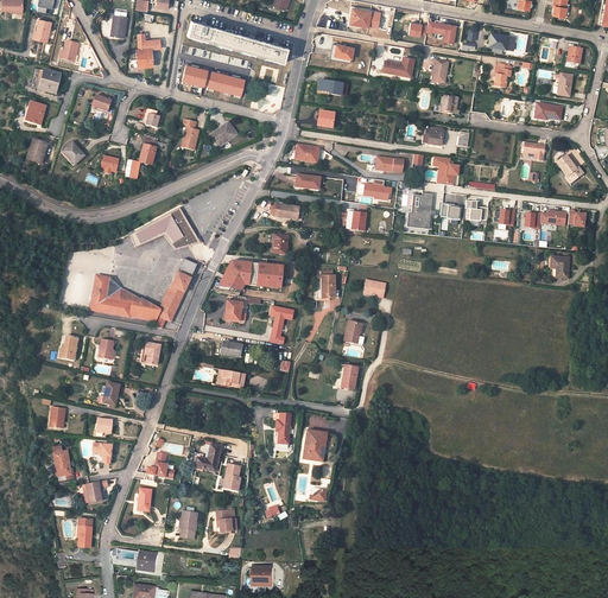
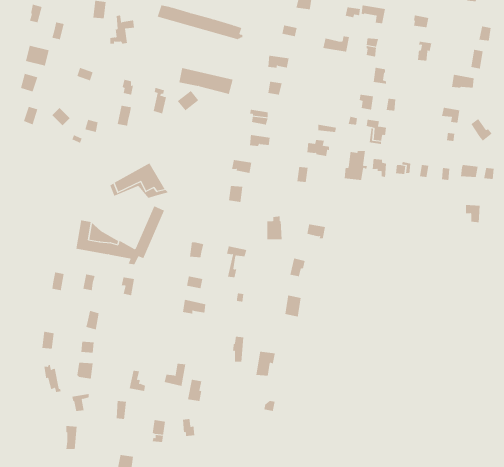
building: [180,61,246,93] -> [178,67,234,95]
building: [216,260,281,290] -> none

